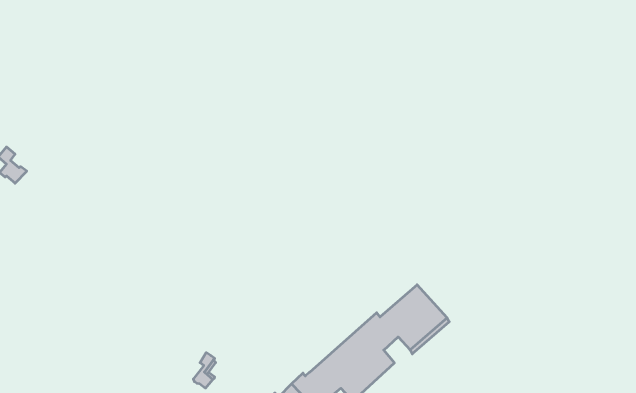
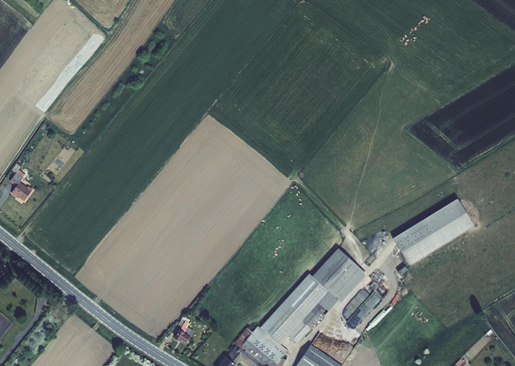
building: none -> [394,197,474,262]

